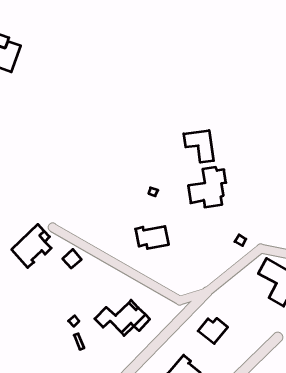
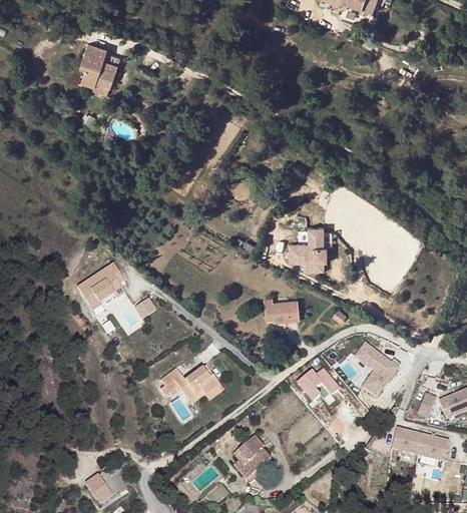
building: [184,130,214,162] -> none
building: [135,226,169,249] -> [263,298,298,323]
building: [198,318,228,344] -> [298,369,332,398]

